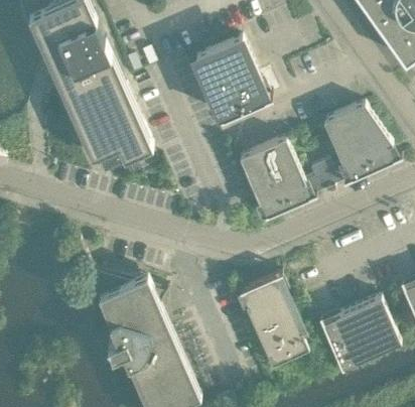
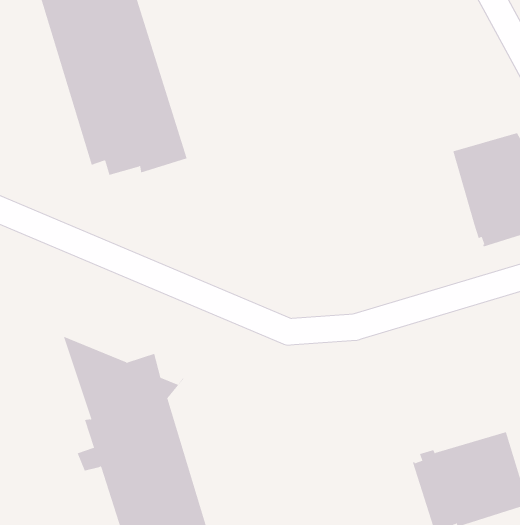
building: [195,40,273,119] -> none
building: [239,140,347,220] -> none
building: [239,278,308,367] -> none

